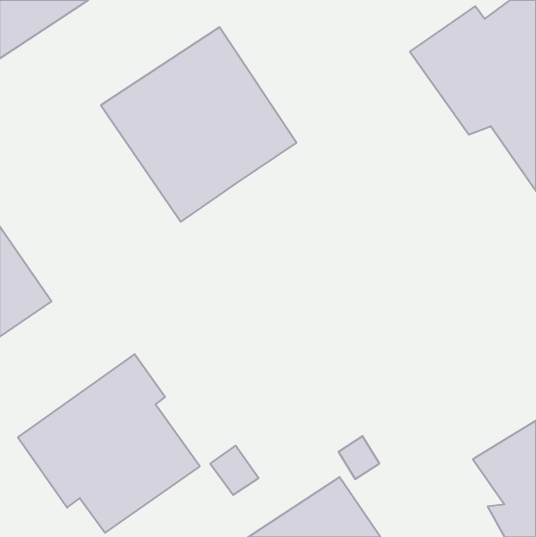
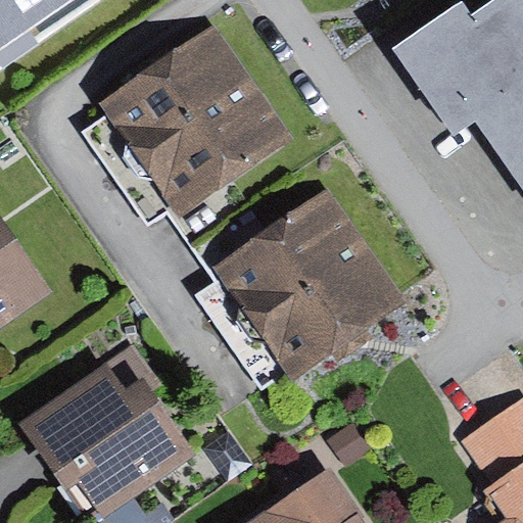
building: none -> [215,192,407,383]

